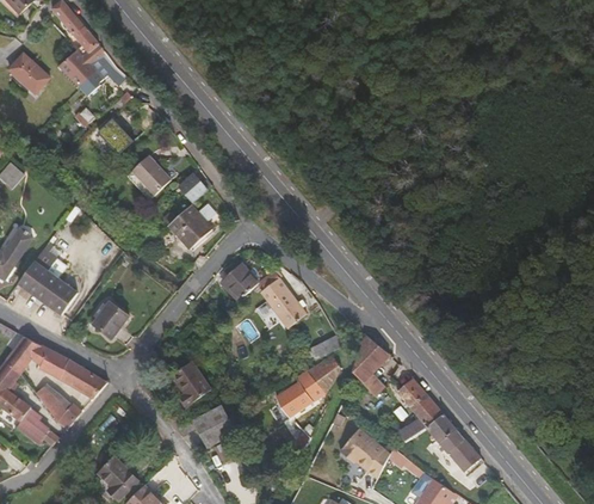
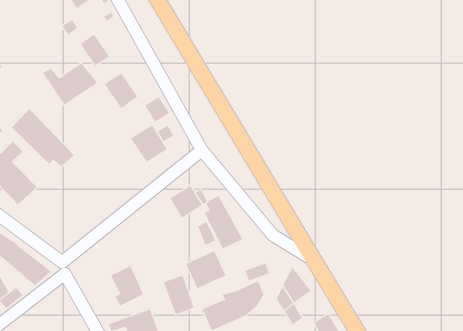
building: none -> [42,62,98,105]
building: none -> [11,108,74,167]
building: [92,301,128,338] -> none
building: none -> [186,251,226,289]
building: none -> [163,275,194,315]

